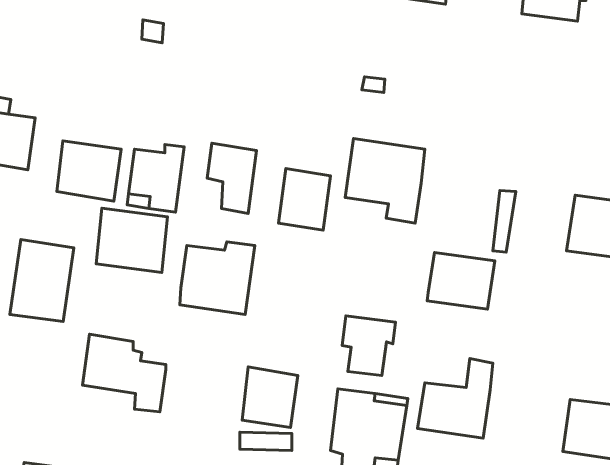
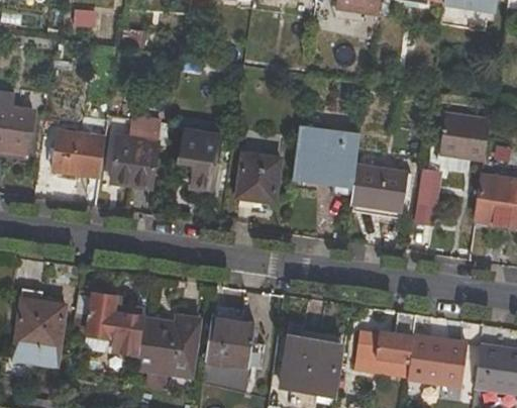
building: none -> [438,113,490,162]
building: [96,208,168,272] -> none
building: [10,239,74,322] -> [12,297,66,366]
building: [180,242,255,314] -> [137,316,200,377]
building: [427,252,495,309] -> [350,164,407,211]
building: [342,316,396,376] -> none
building: none -> [408,336,467,383]

